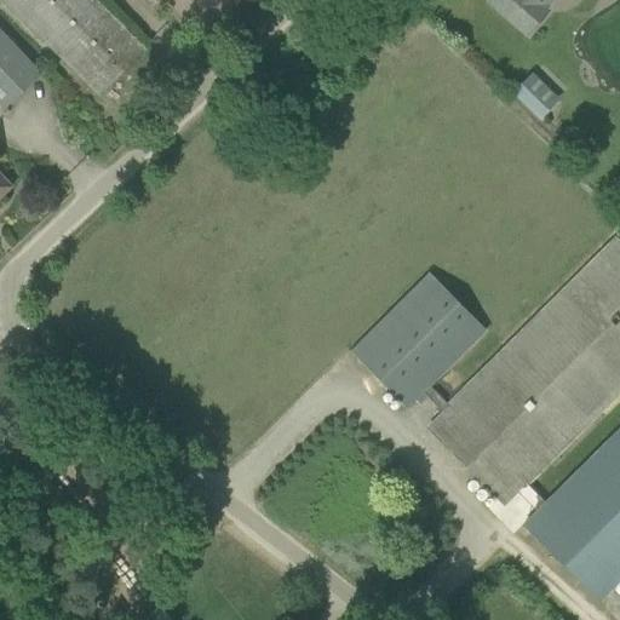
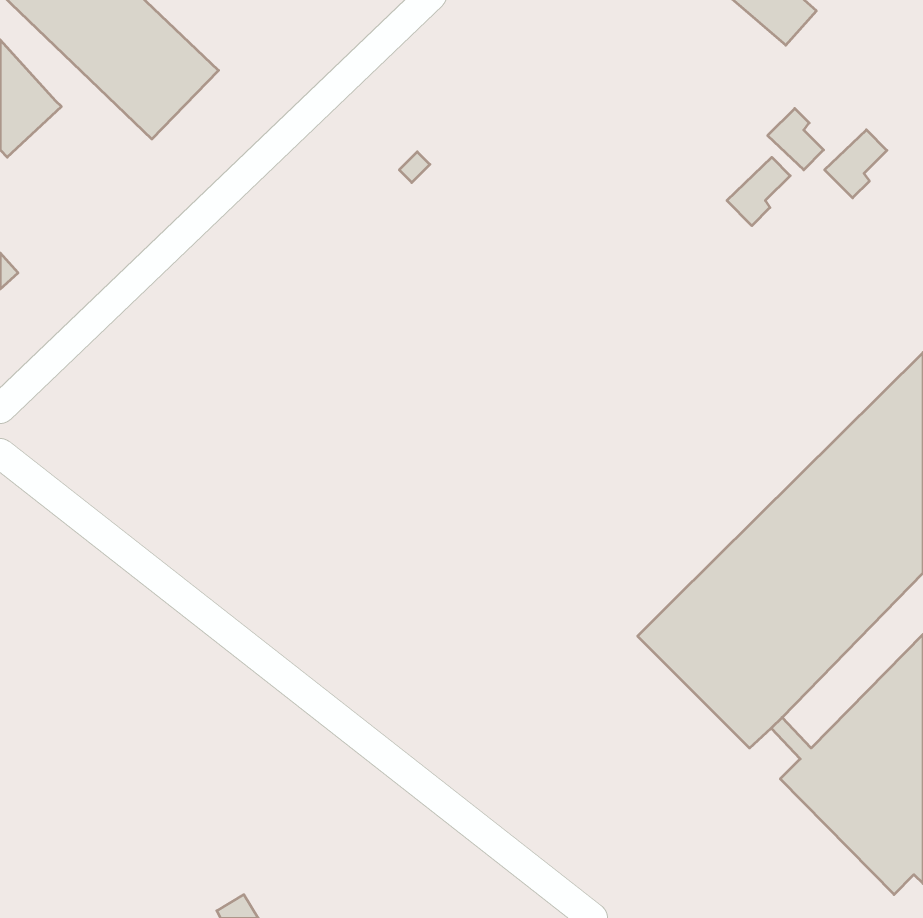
building: none -> [825,130,887,198]
building: none -> [727,157,790,226]
building: [350,270,487,411] -> none

